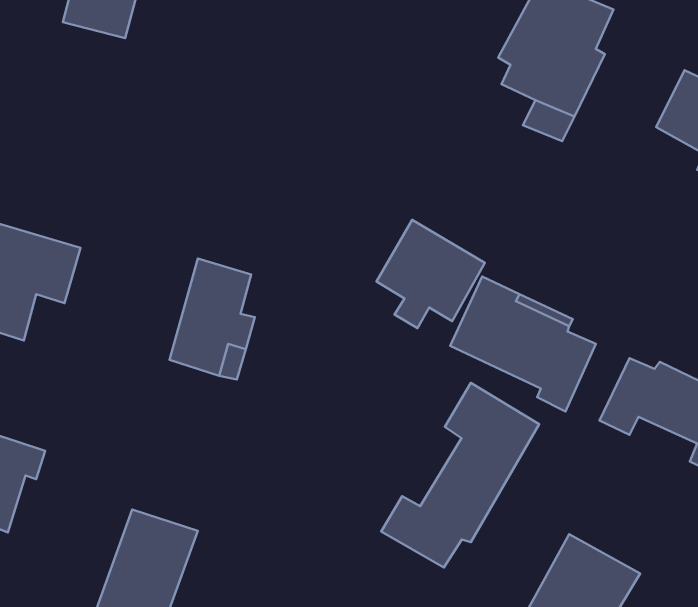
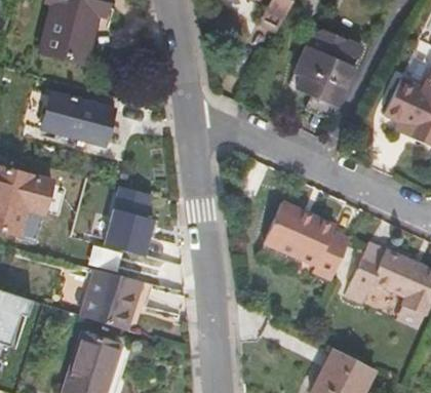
building: none -> [42,94,113,146]
building: [377,220,485,328] -> none
building: [381,383,539,568] -> none
building: none -> [81,268,143,331]

